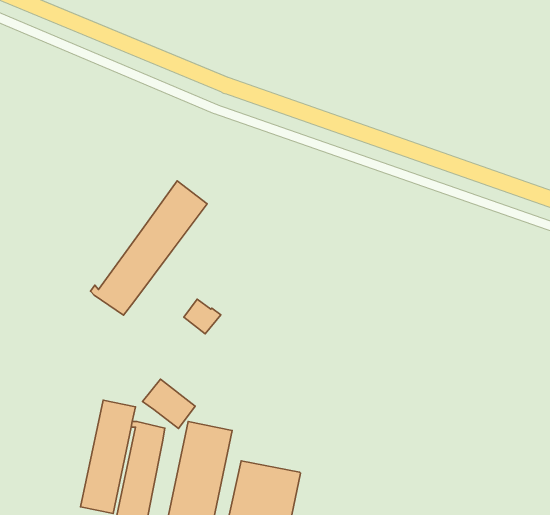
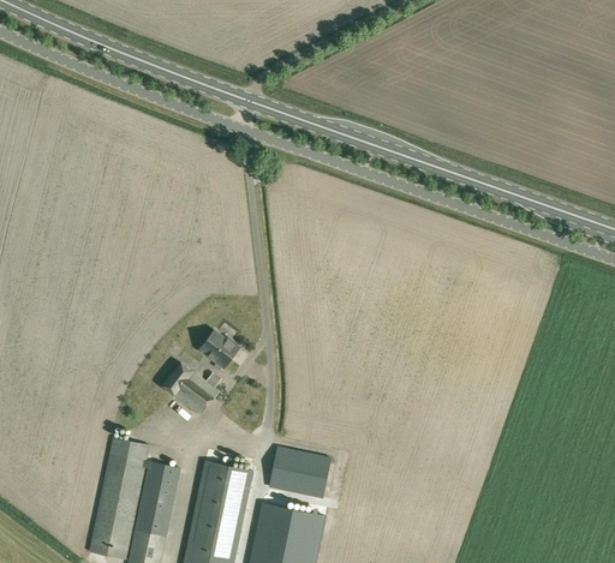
building: [91,181,207,315] -> none
building: [143,379,195,428] -> [161,363,217,415]
building: none -> [268,447,330,496]

